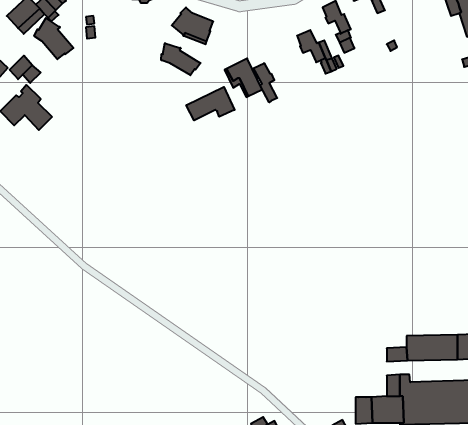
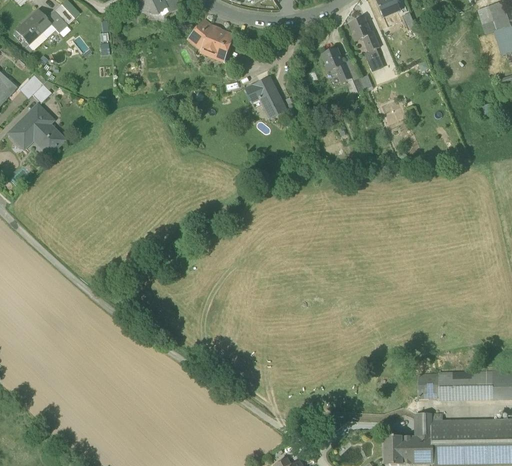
building: [34,18,73,59] -> none
building: [161,43,201,75] -> none
building: [253,63,277,102] -> none
building: [186,87,235,120] -> none

